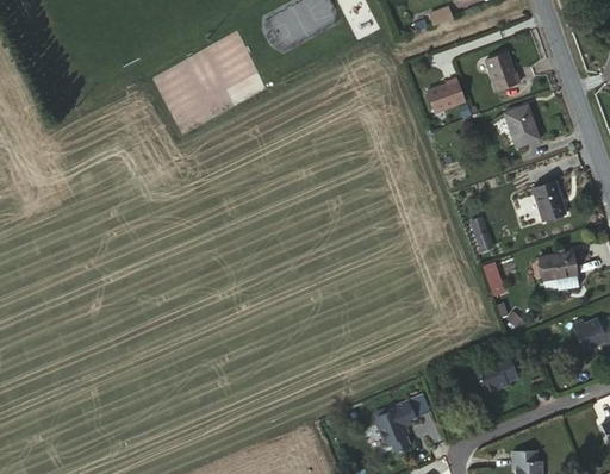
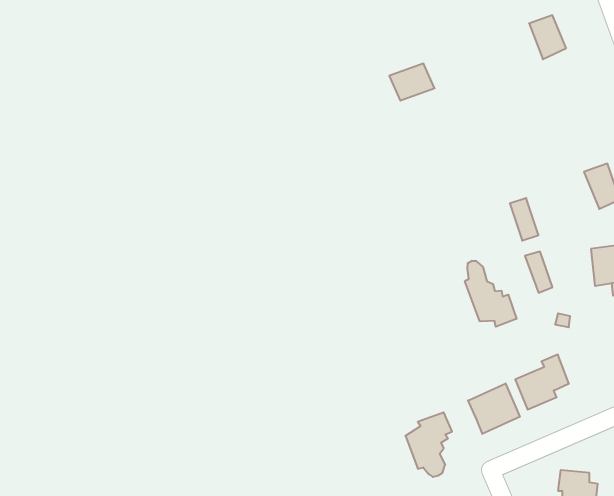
building: [427,80,466,112] -> [389,64,435,101]
building: [502,102,539,144] -> none
building: none -> [465,261,516,327]
building: none -> [468,383,520,434]

